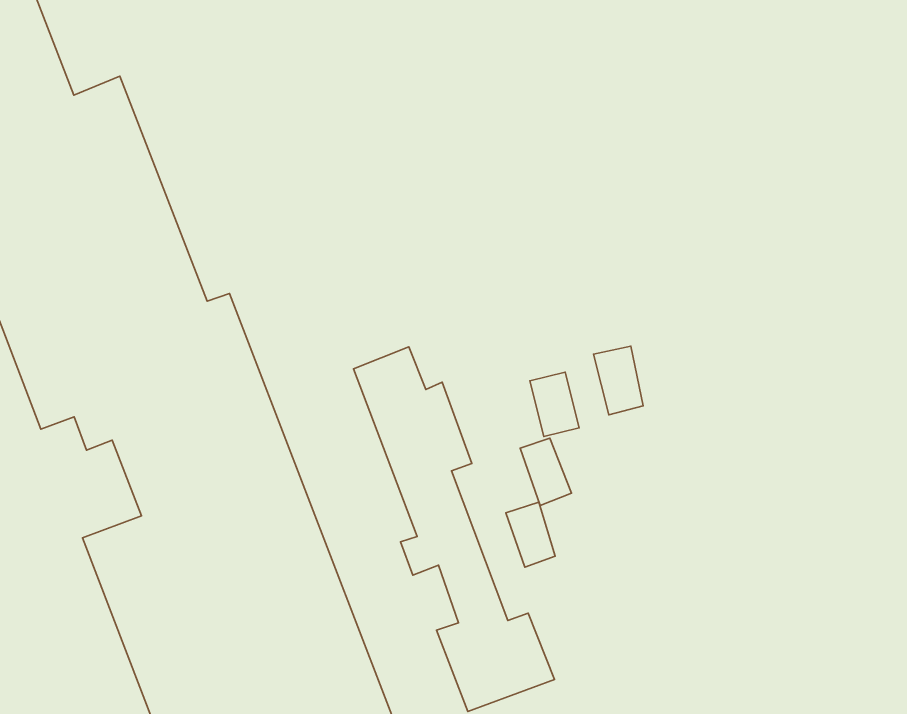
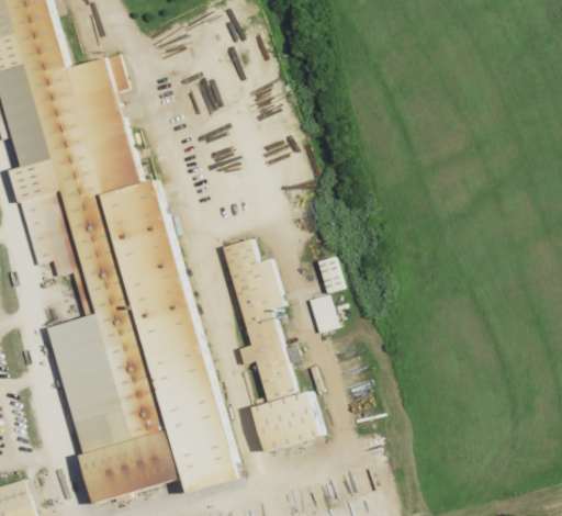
building: [593,346,643,415] -> none
building: [506,502,555,567] -> none

